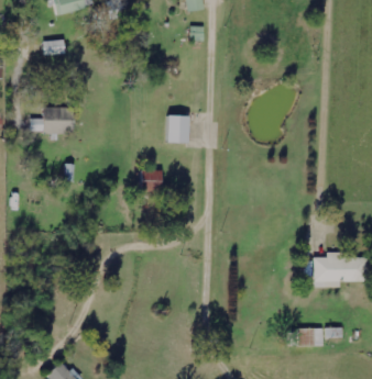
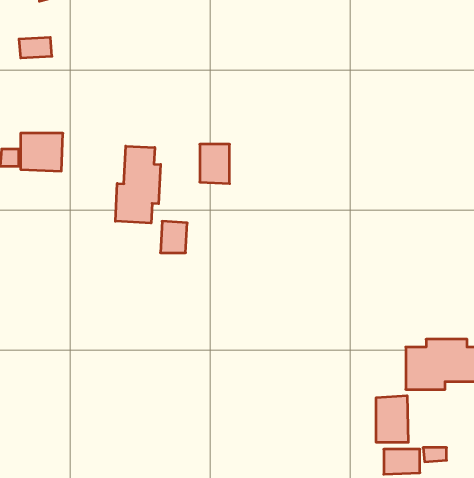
building: none -> [115,146,161,223]
building: none -> [376,396,408,442]

